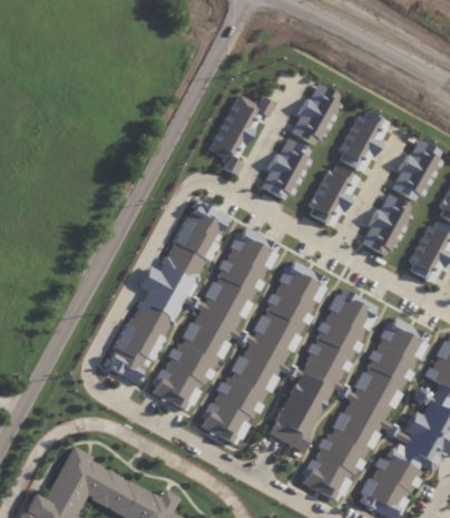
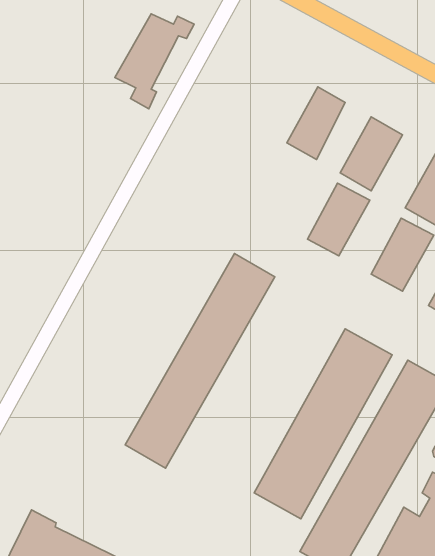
building: [205,95,273,176] -> [115,14,194,109]
building: [260,137,309,198] -> none
building: [101,205,227,384] -> none
building: [198,258,326,442] -> none

